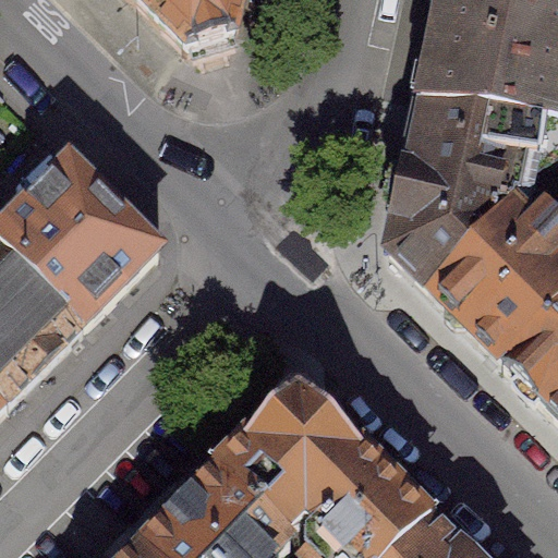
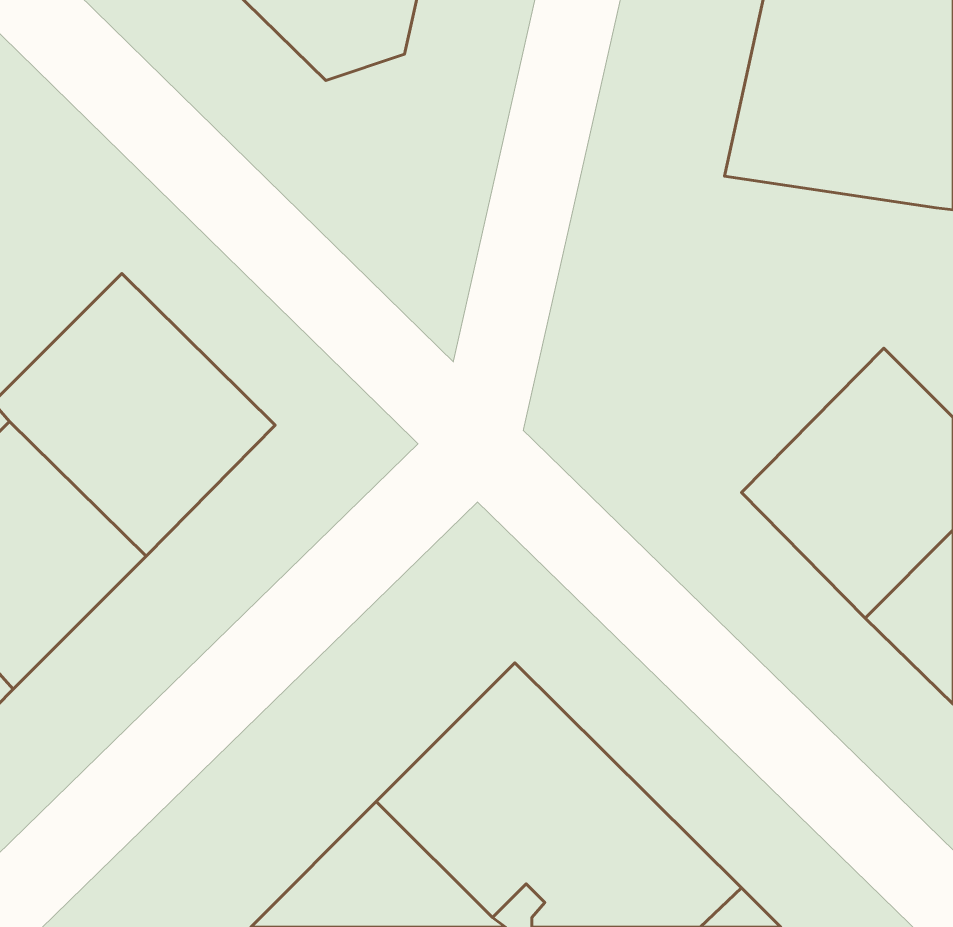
building: [390,102,545,287] -> none

